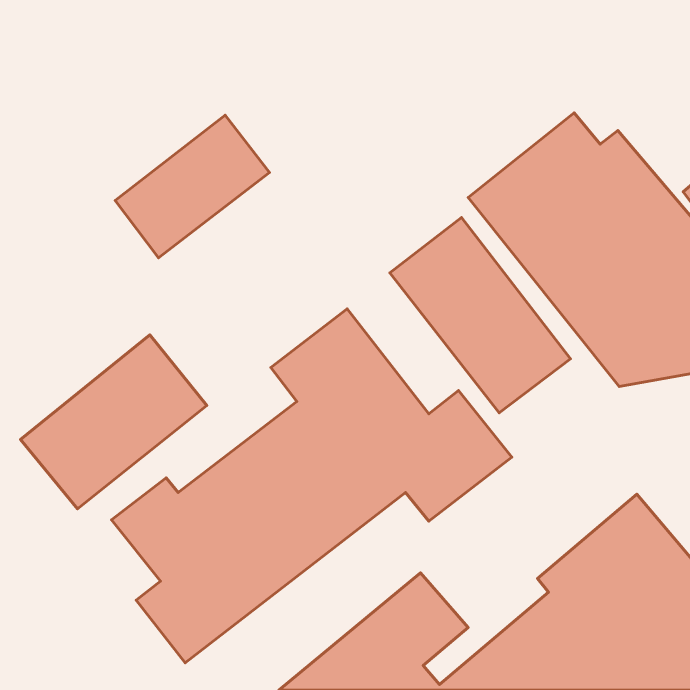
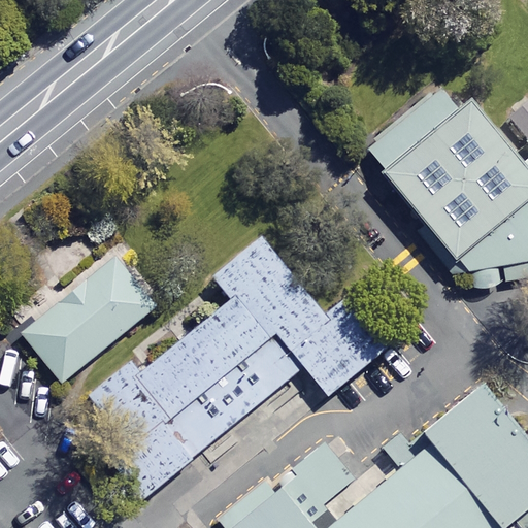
building: [115,115,269,258] -> none
building: [390,218,570,413] -> none

